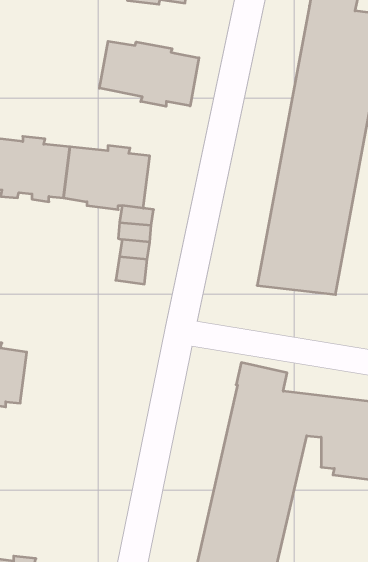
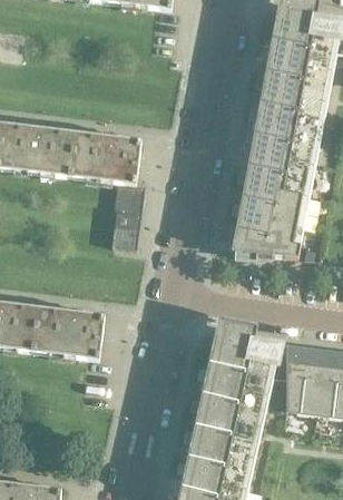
building: [99,41,199,106] -> none
building: none -> [30,305,104,360]

